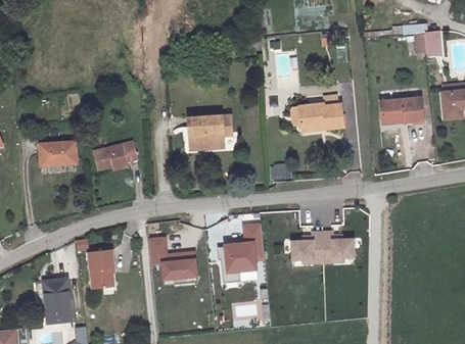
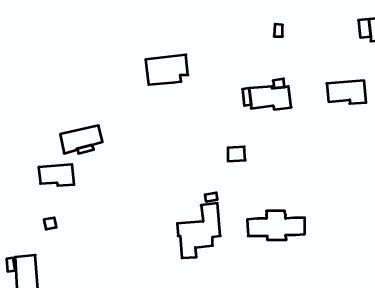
building: [183,110,228,142] -> [146,55,188,85]
building: [37,142,75,164] -> [39,164,74,186]
building: [151,238,199,286] -> none
building: [87,252,113,292] -> none

